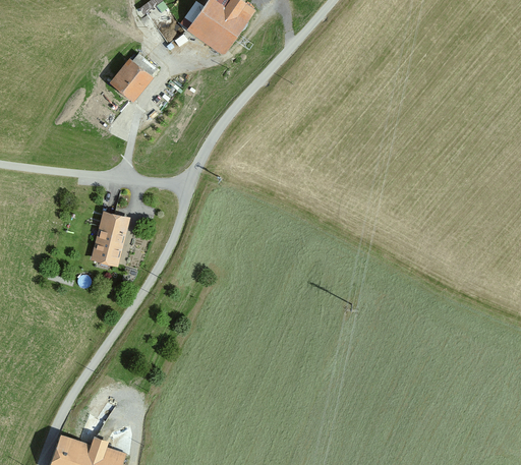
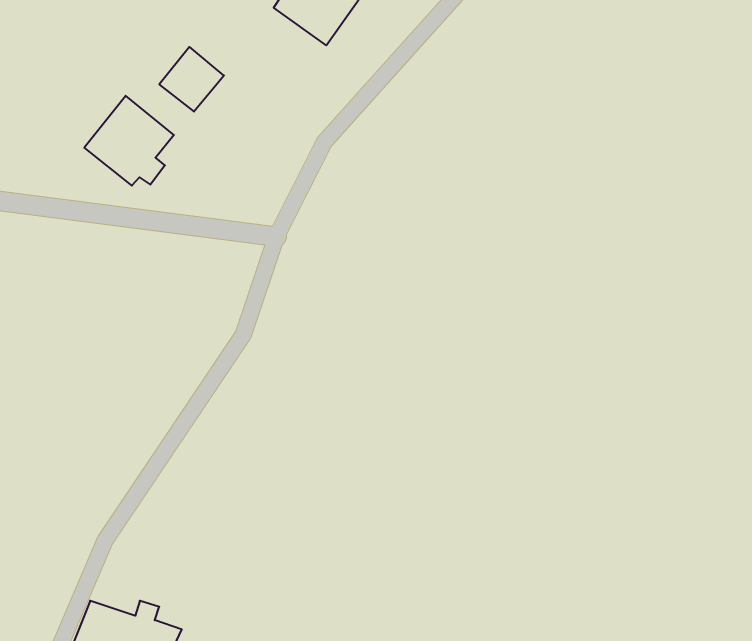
building: none -> [84,96,174,186]
building: [92,211,129,267] -> none

